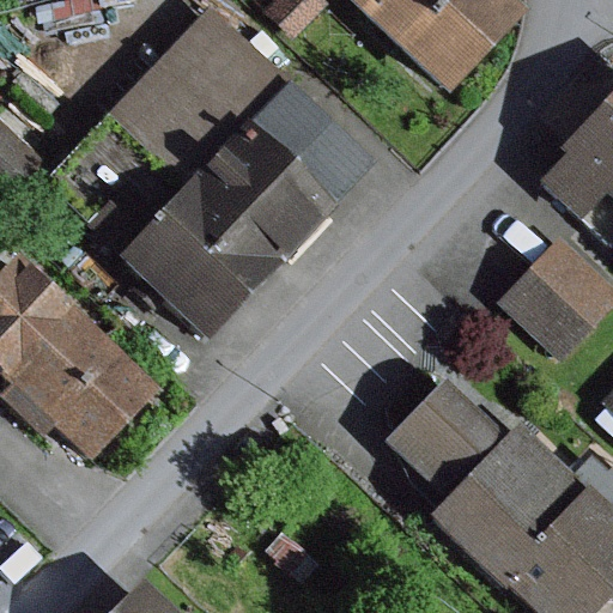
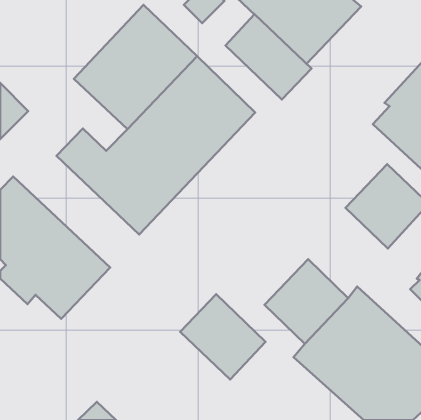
building: none -> [226,14,312,100]
building: none -> [180,294,266,380]

